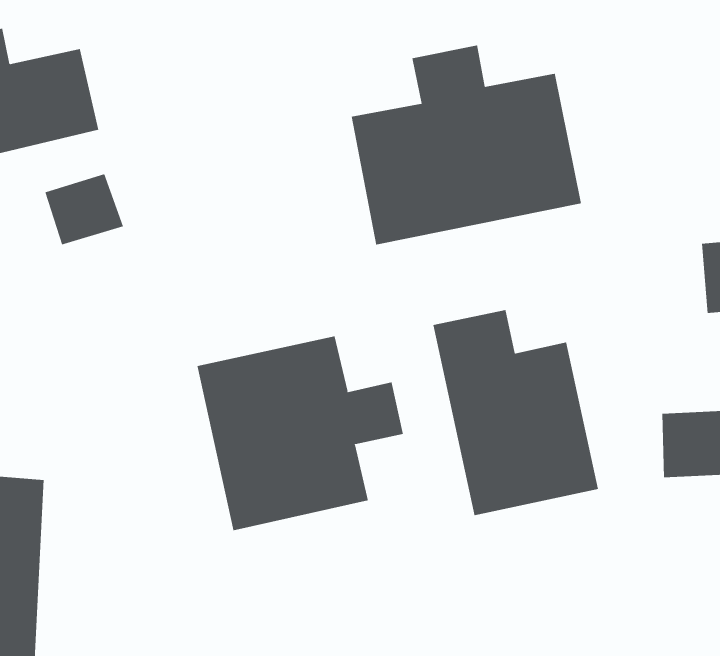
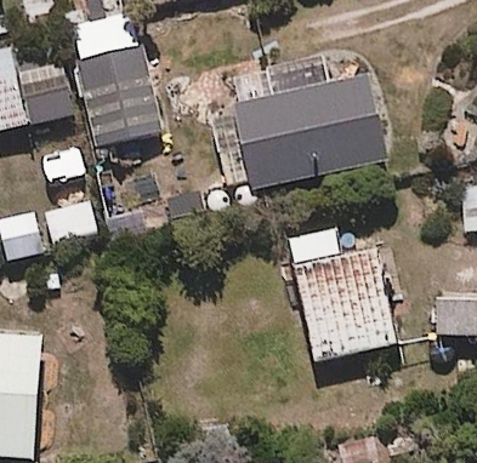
building: none -> [80,50,164,144]
building: [197,336,404,531] -> none

